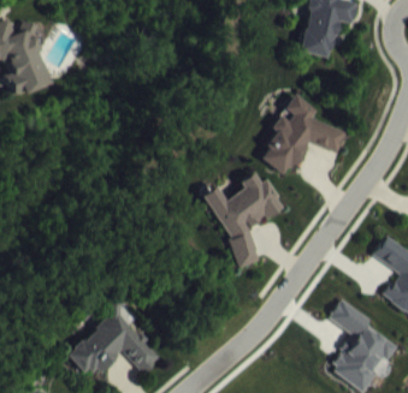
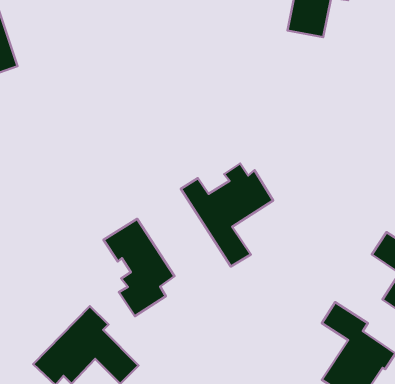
building: [261,94,347,173] -> none
building: none -> [103,219,174,316]

